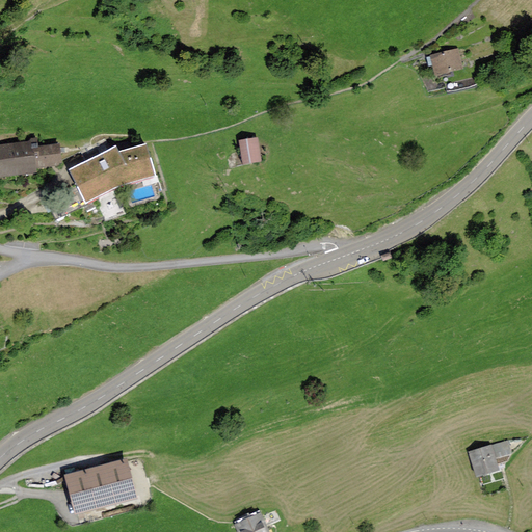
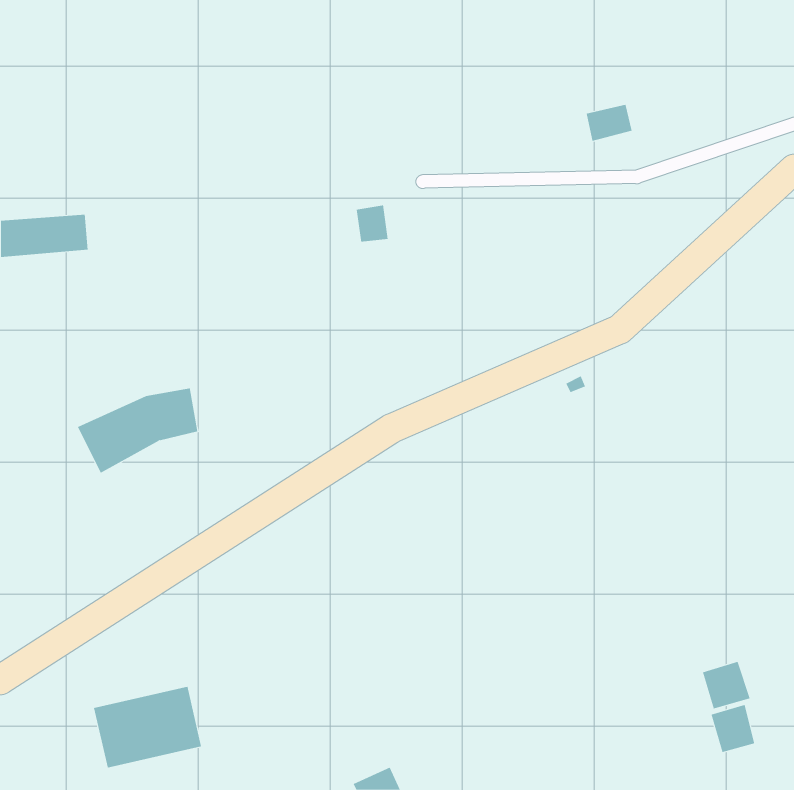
building: [431,48,462,73] -> [586,104,632,142]
building: [70,145,151,203] -> [77,388,198,473]
building: none -> [711,704,755,753]

